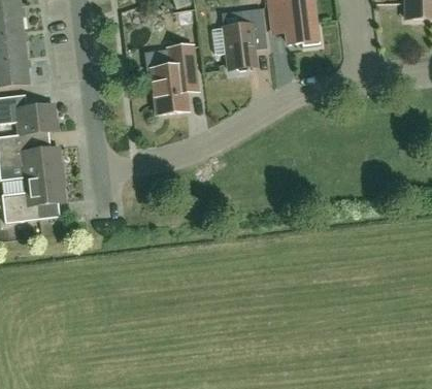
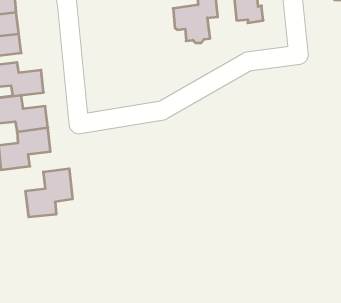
building: [151,45,197,115] -> none
building: none -> [26,169,72,217]

